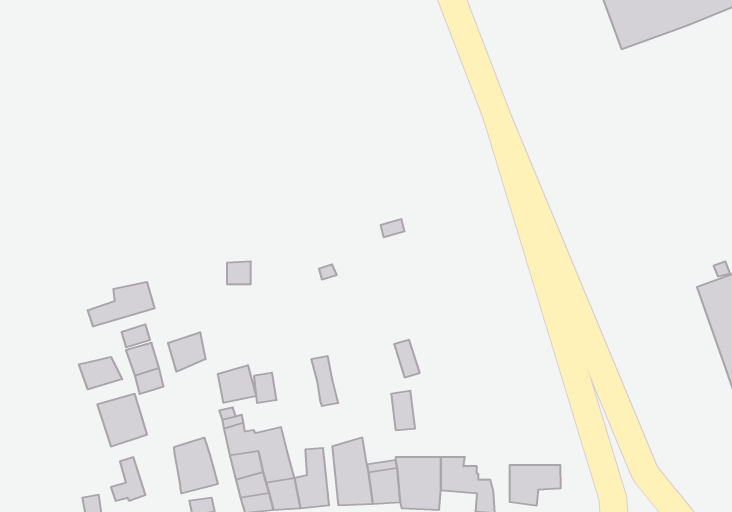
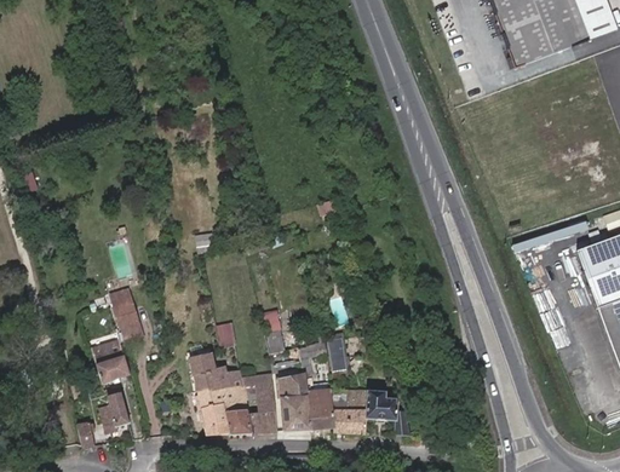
building: [88,282,155,327] -> none
building: [168,332,206,372] -> none
building: [79,357,122,389] -> none
building: [218,365,256,403] -> none
building: [174,438,218,494] -> none
building: [510,465,561,506] -> none

